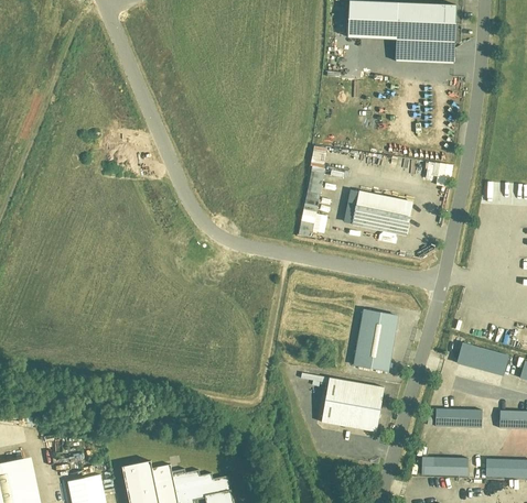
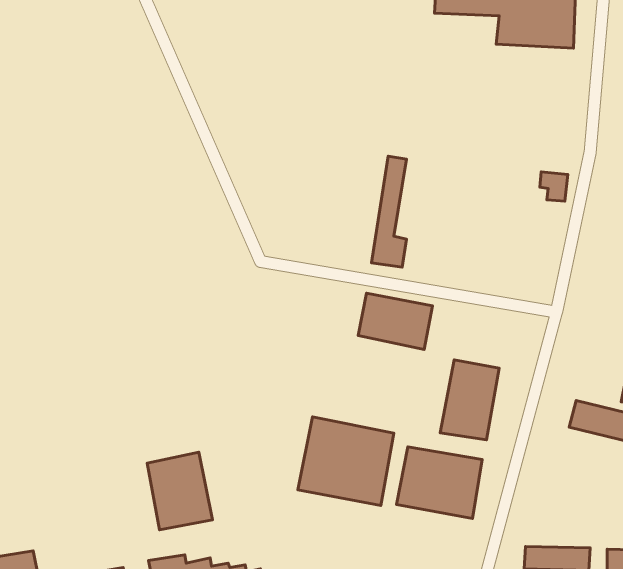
building: [353,192,411,236] -> [358,293,432,349]
building: none -> [298,417,394,505]
building: none -> [147,452,212,530]
building: [431,406,482,425] -> none

